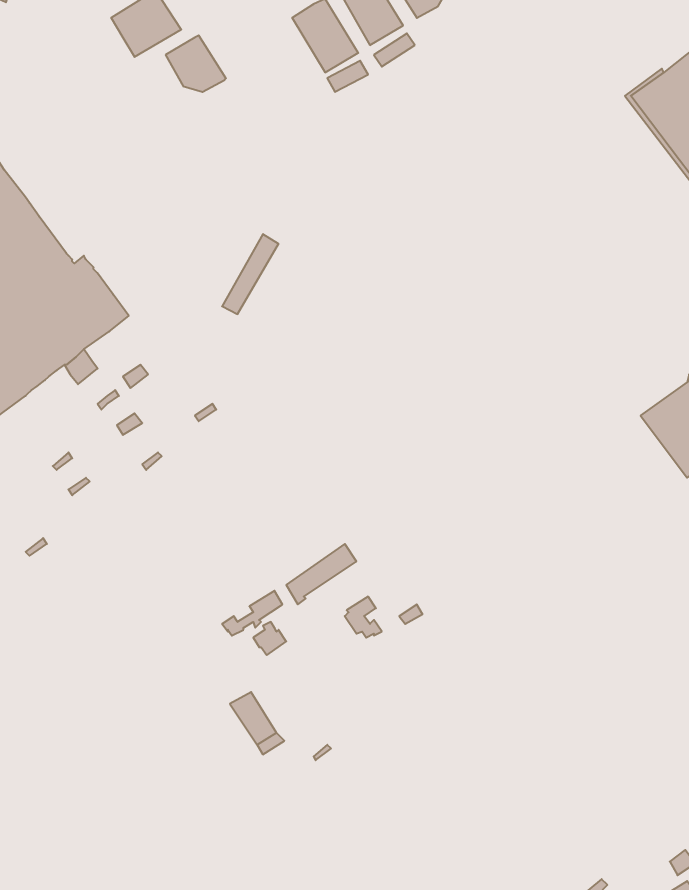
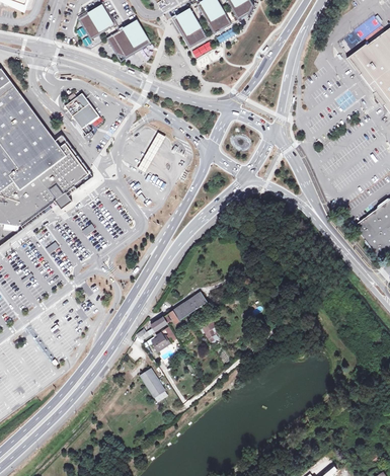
building: none -> [125,19,151,50]
building: none -> [65,92,98,141]

